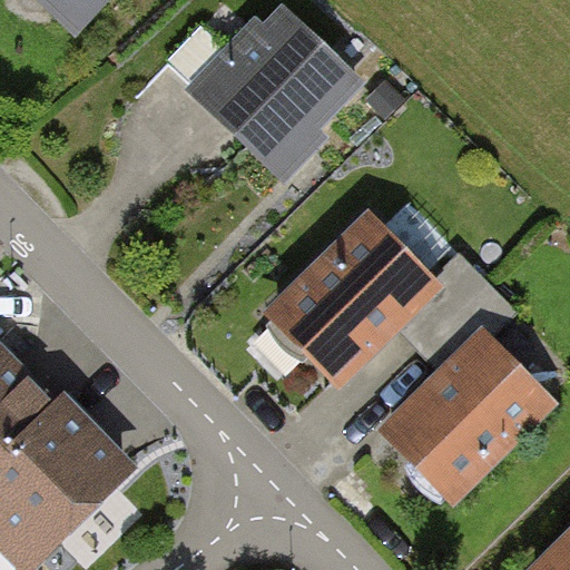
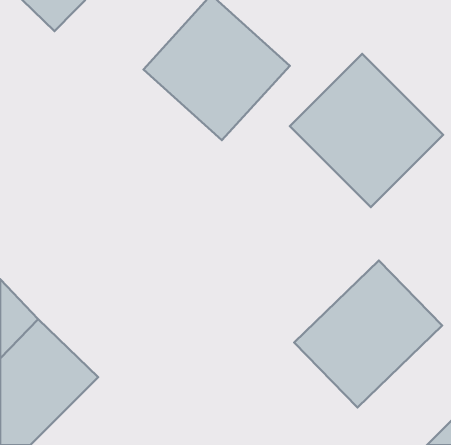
building: none -> [290,54,443,207]
building: [258,204,448,392] -> none

